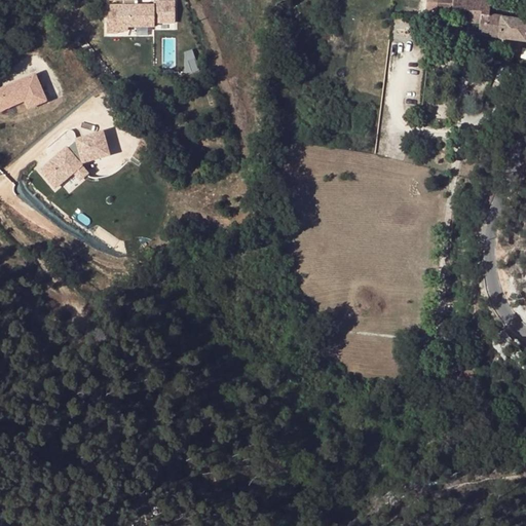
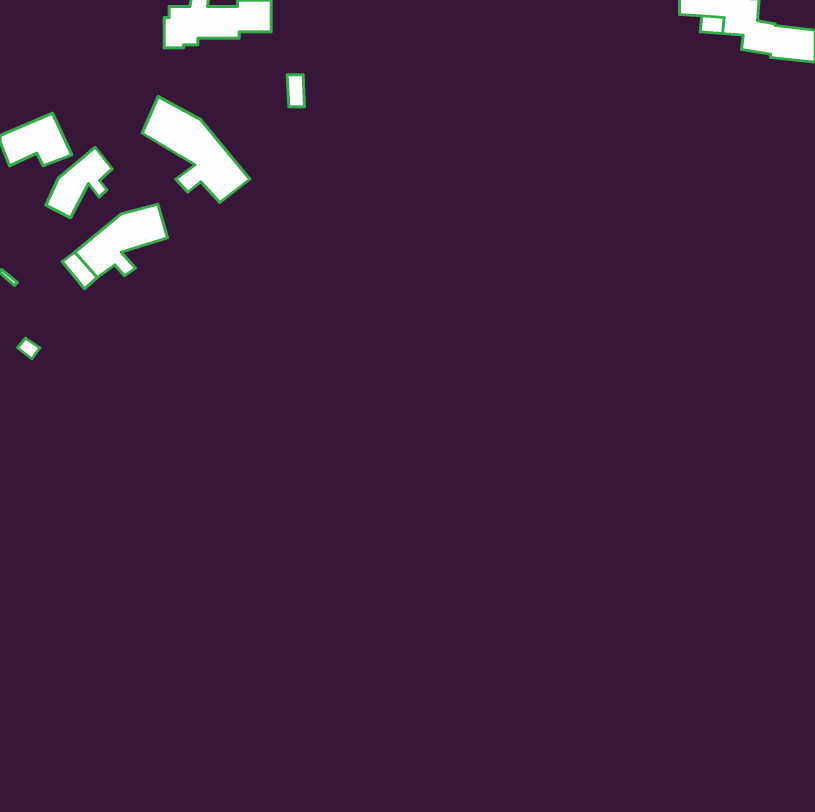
building: none -> [142,97,250,202]
building: none -> [46,147,112,218]

